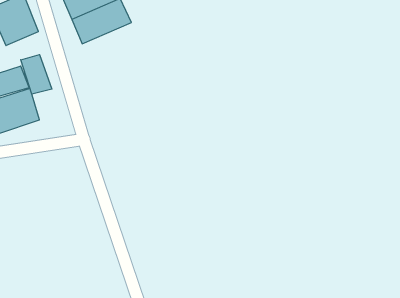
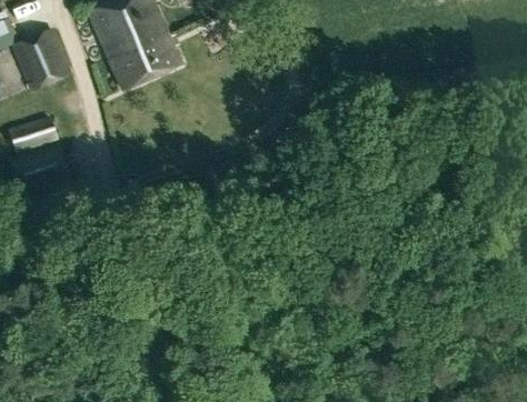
building: [21,55,52,94] -> none

